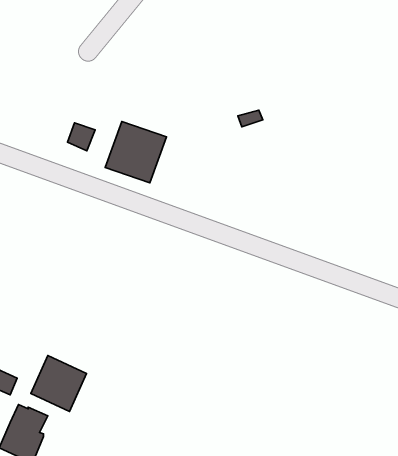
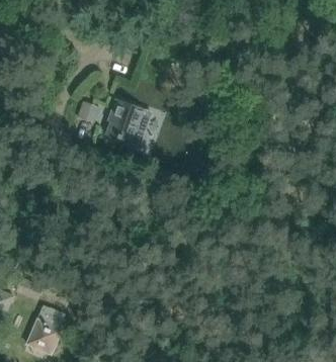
building: [31,355,87,412] -> none

